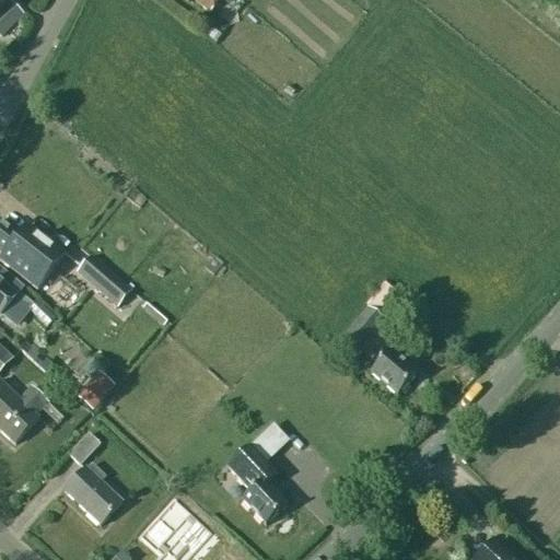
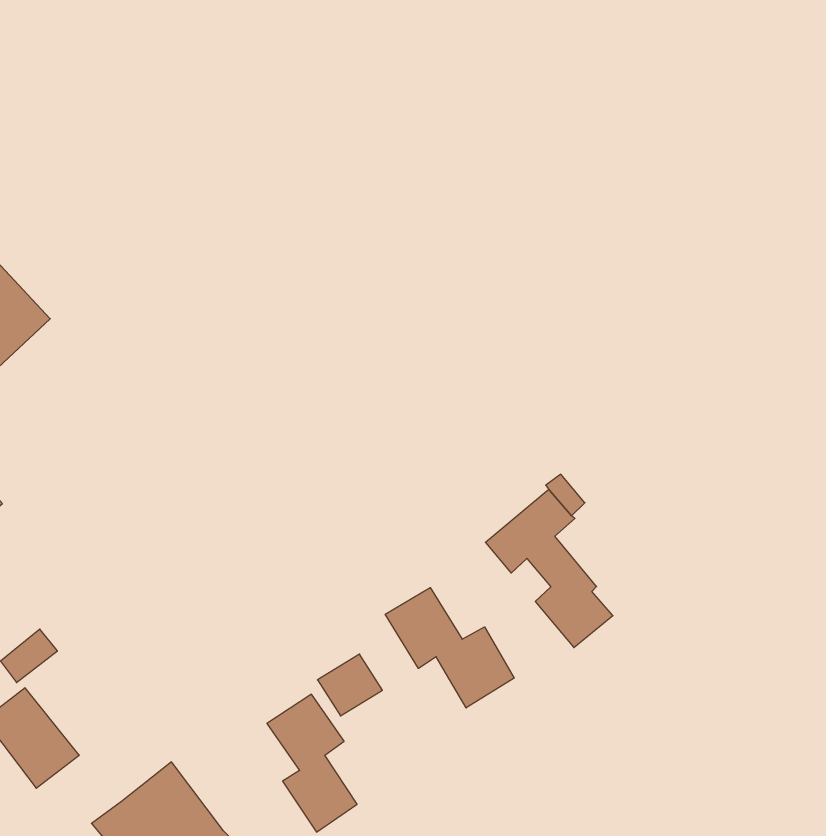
building: [75,254,131,306] -> none
building: [74,369,113,408] -> none
building: none -> [385,588,514,708]

